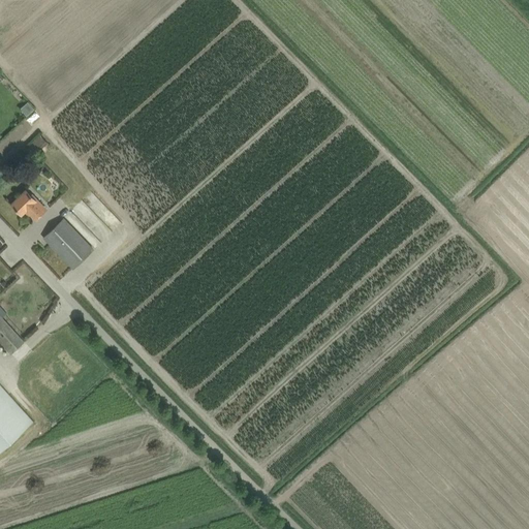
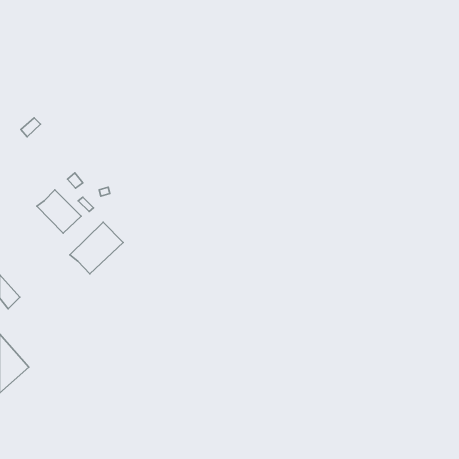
building: [10,190,44,220] -> none
building: none -> [70,222,123,274]

